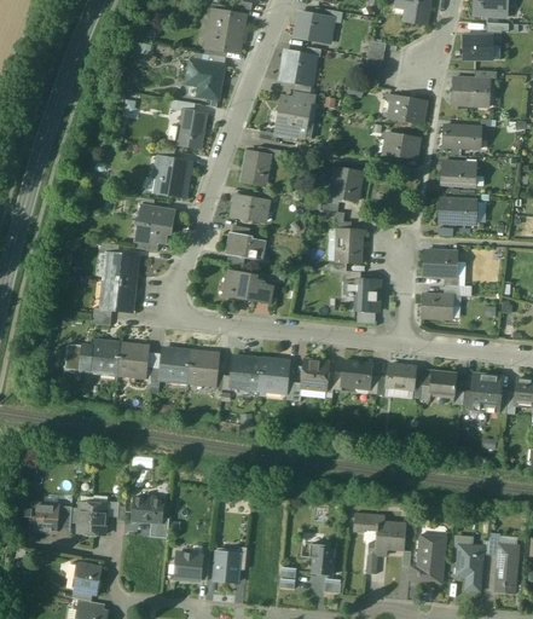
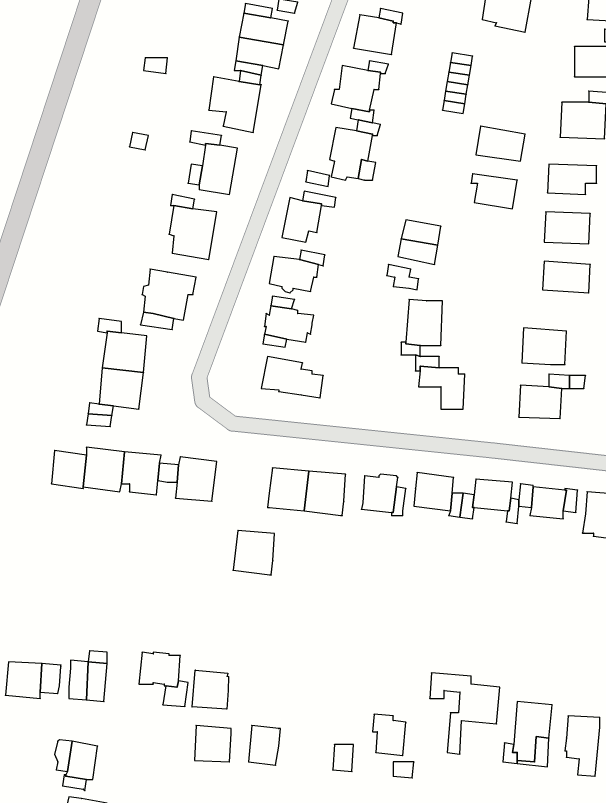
building: [187,352,219,386] -> [233,530,274,575]
building: none -> [192,670,229,709]

